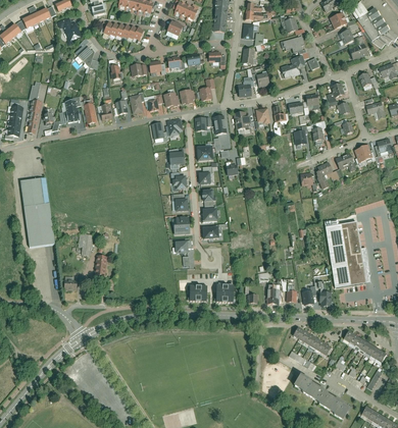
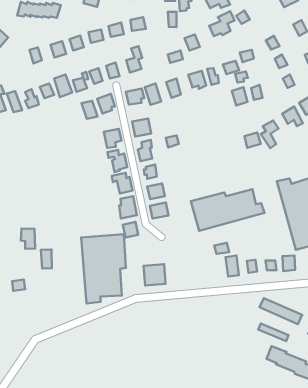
building: none -> [191,189,264,231]
building: none -> [81,234,126,304]
building: [215,282,236,302] -> none

